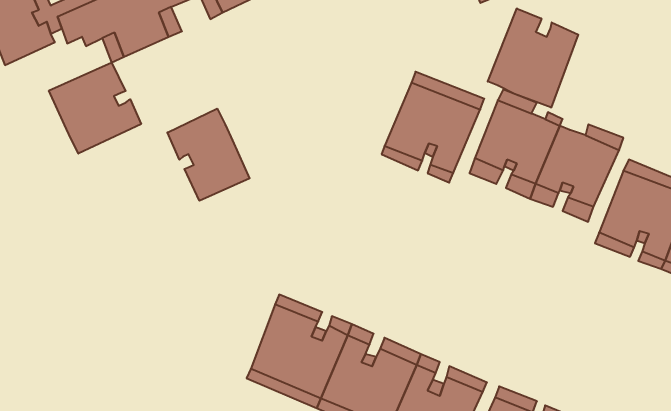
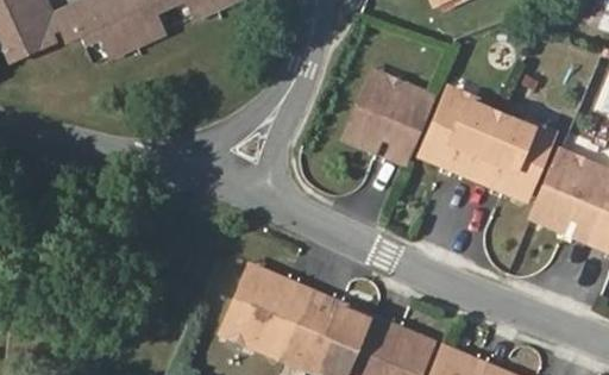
building: [488,8,578,108] -> none
building: [49,62,141,154] -> none
building: [167,109,250,201] -> none

